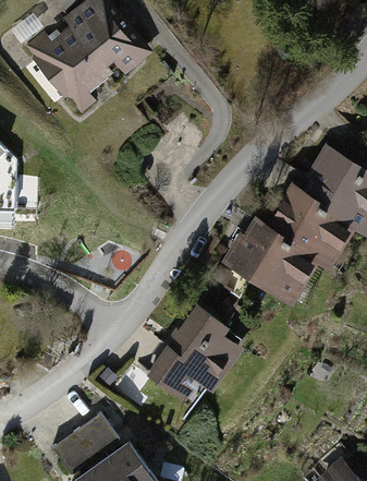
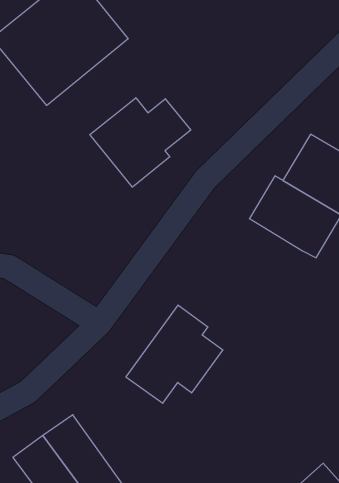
building: none -> [90,98,191,187]
building: [221,216,317,302] -> none

